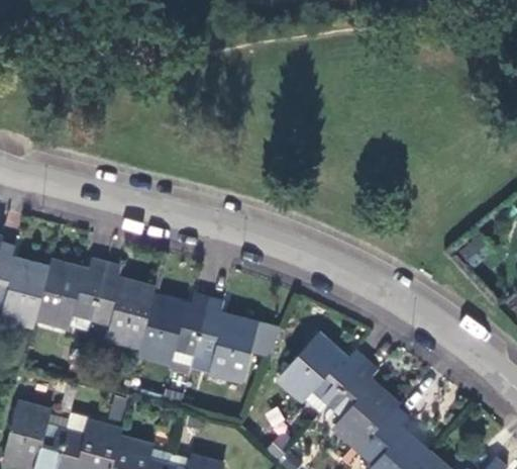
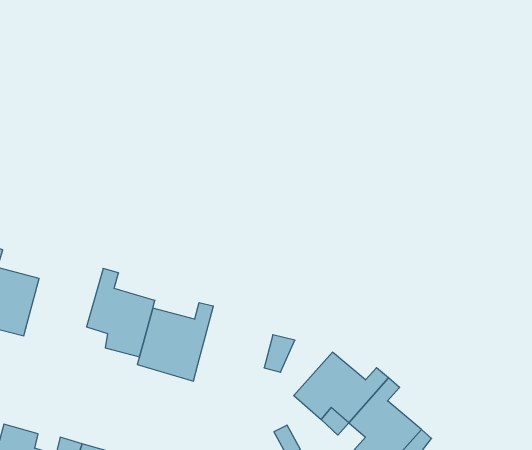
building: [36,259,107,325] -> none
building: [194,297,256,380] -> none

